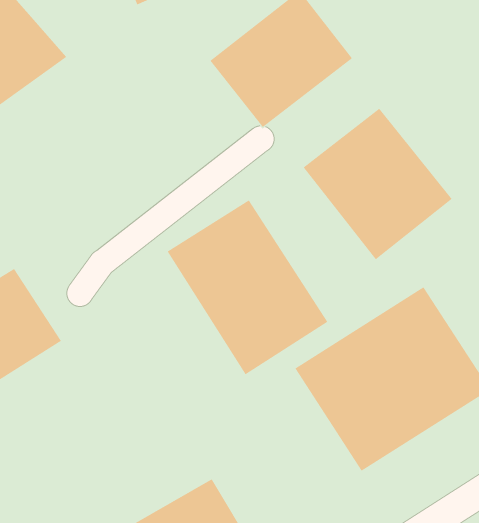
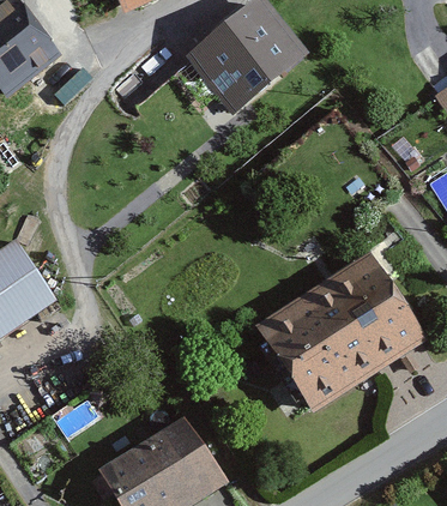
building: [303,108,453,260] -> none
building: [167,200,328,375] -> none

